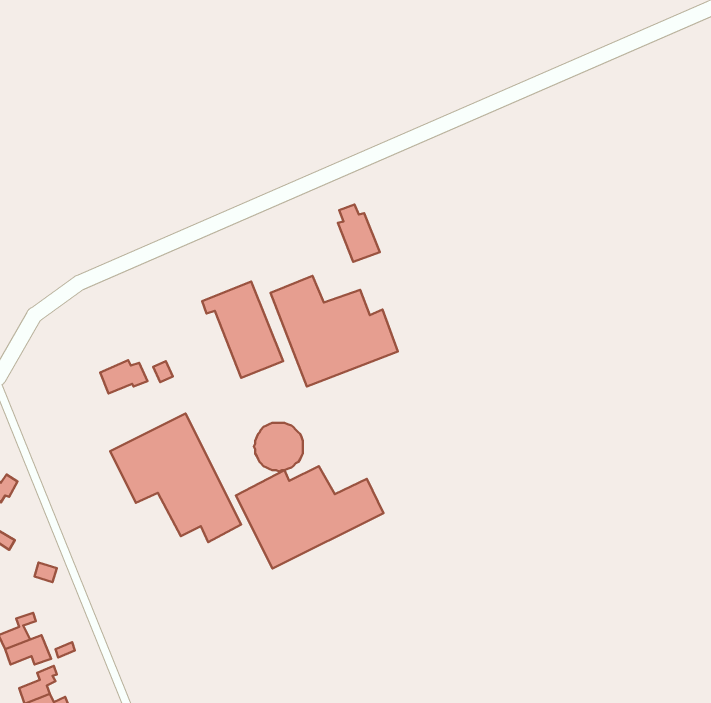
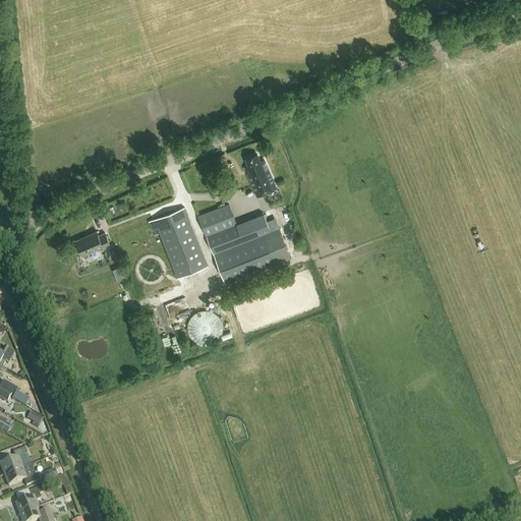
building: [100,360,148,394] -> [75,230,110,254]
building: [110,413,241,542] -> none
building: [236,466,383,569] -> none

